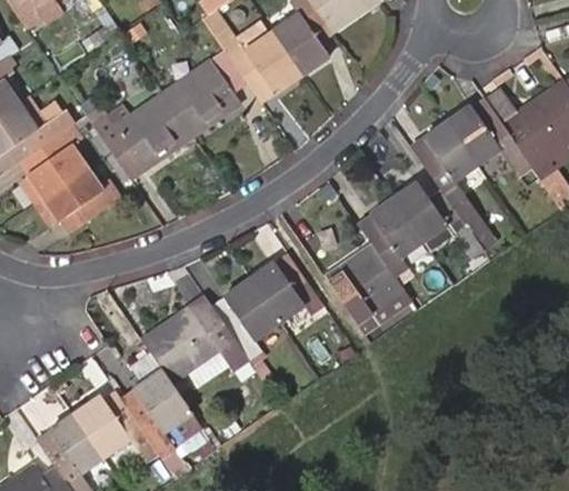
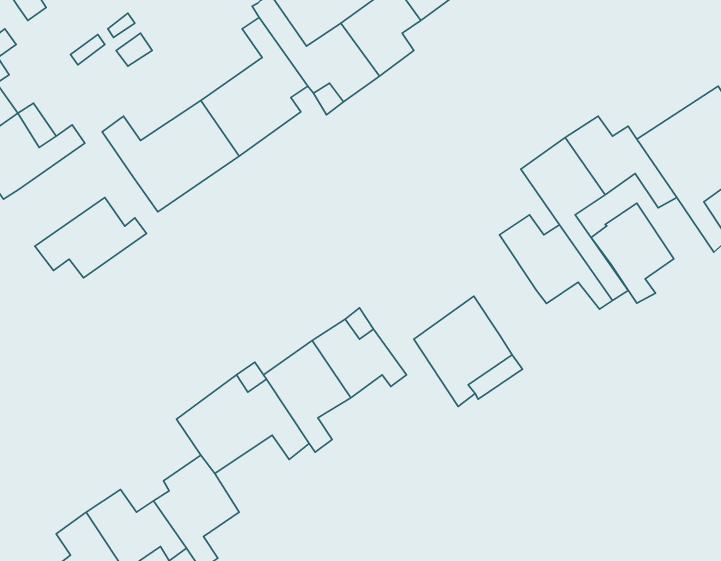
building: [18,124,88,204] -> none
building: [359,196,423,273] -> [591,203,674,303]

